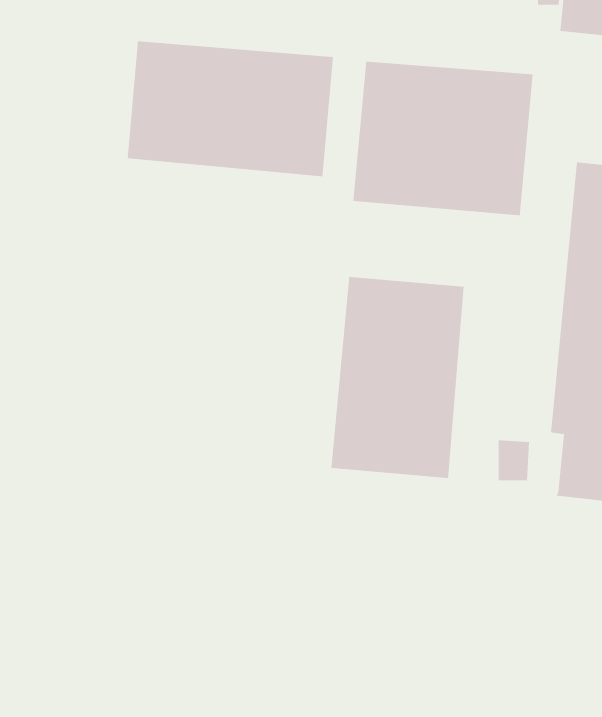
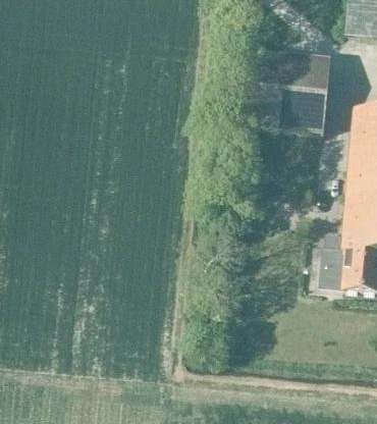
building: [127,40,333,177] -> none
building: [331,276,464,479] -> none

